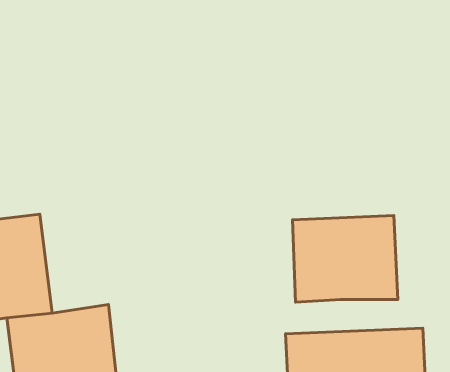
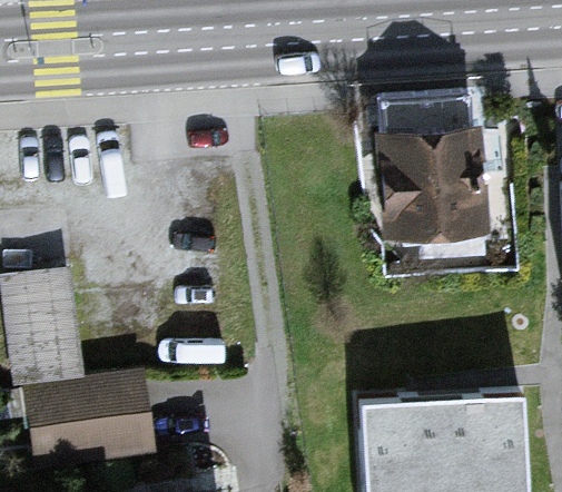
building: none -> [379,125,484,234]
building: [293,215,398,302] -> none

